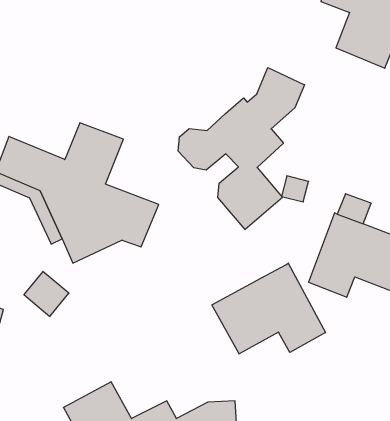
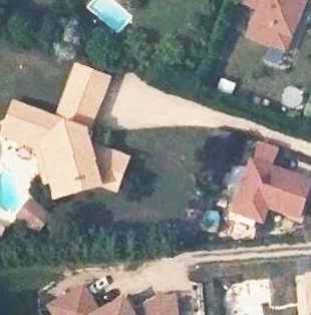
building: [178,68,305,230] -> none
building: none -> [62,67,104,104]
building: [212,263,326,354] -> none

